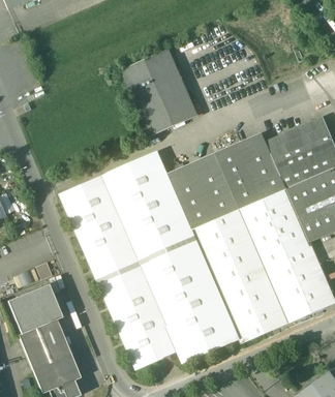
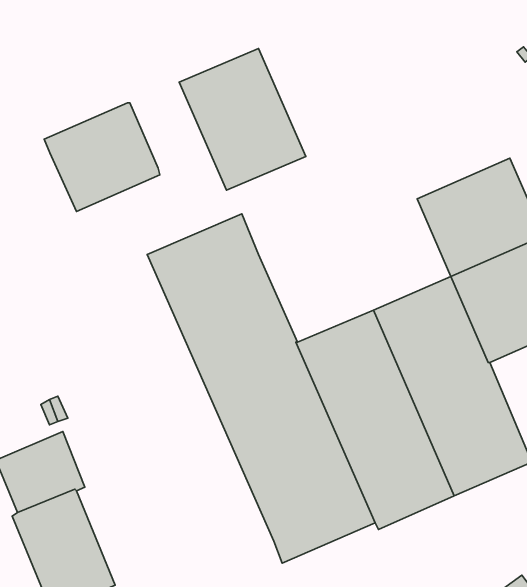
building: none -> [44,103,160,211]
building: [169,134,286,228] -> none
building: [58,175,178,369] -> none

